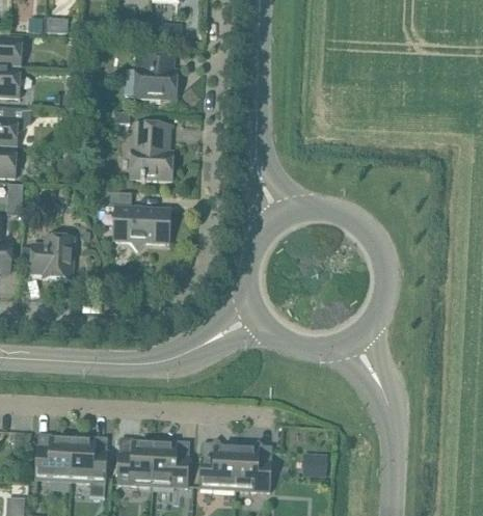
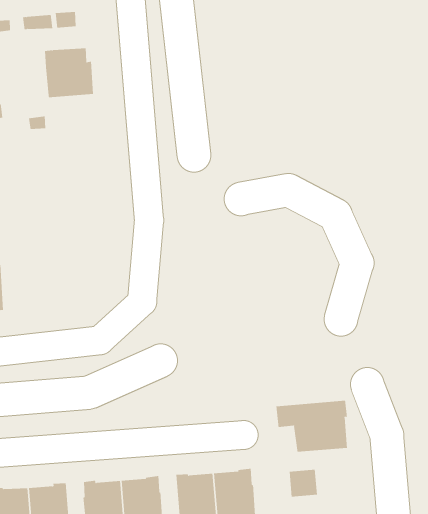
building: [130,123,172,181] -> none
building: [106,193,170,248] -> none
building: none -> [276,400,348,453]

